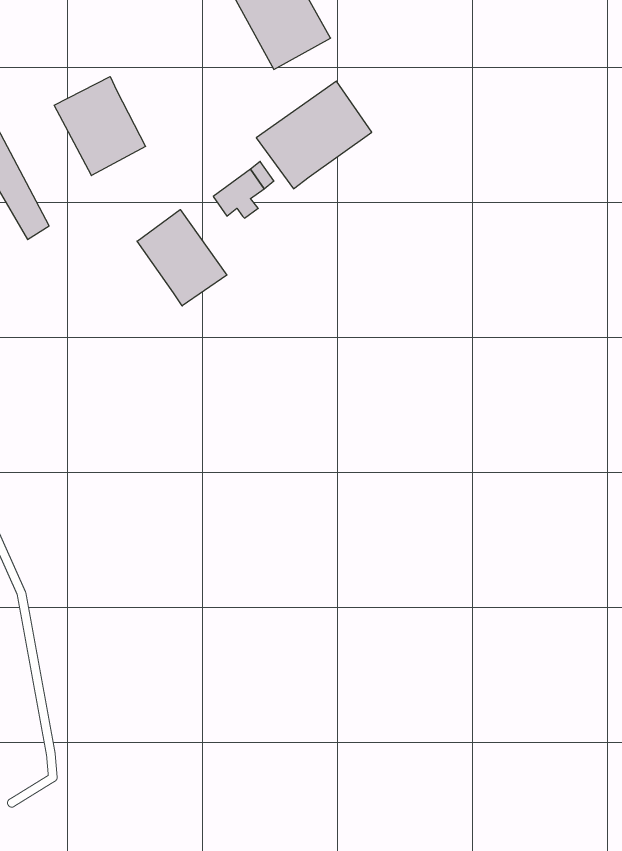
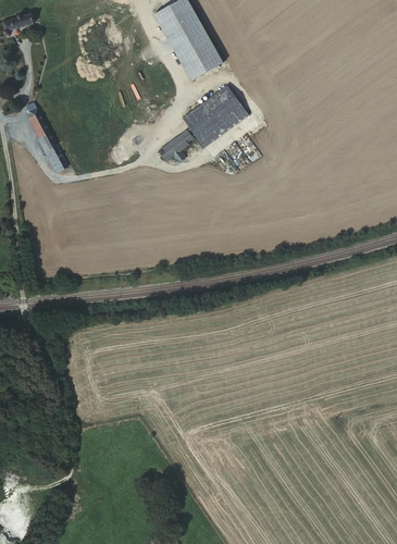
building: [54,77,146,176] -> none
building: [137,210,227,306] -> none

